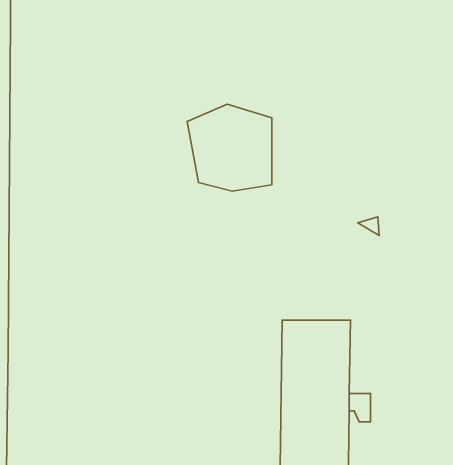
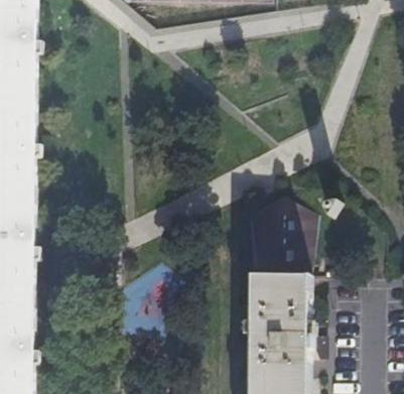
building: [187,104,272,191] -> [243,190,311,261]

